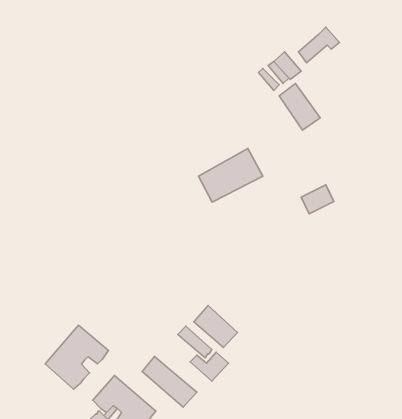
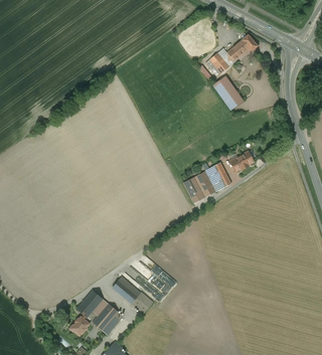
building: [198,149,263,202] -> [185,161,232,200]
building: [194,306,237,347] -> none
building: [45,325,108,389] -> none

